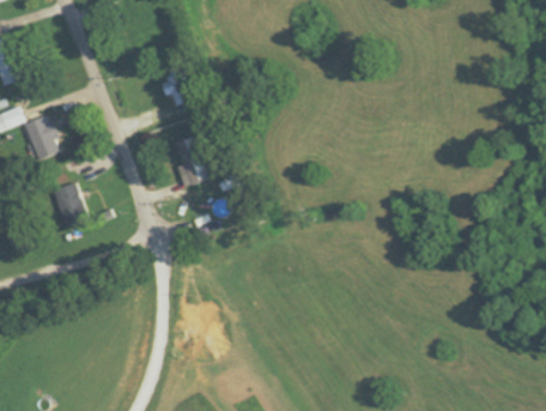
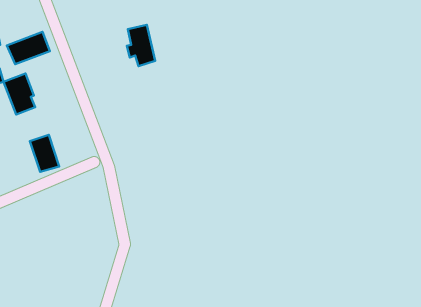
building: none -> [7,32,50,64]
building: [177,137,208,186] -> none

